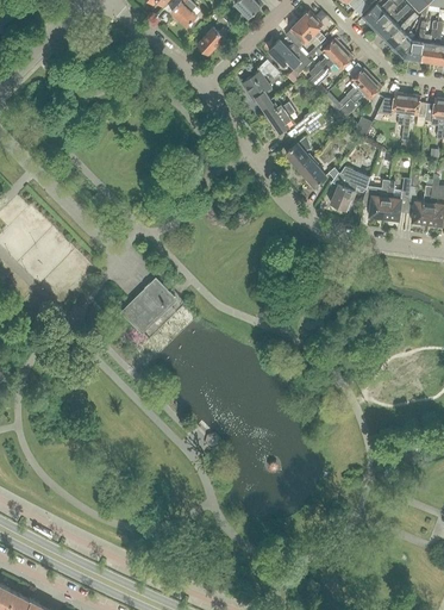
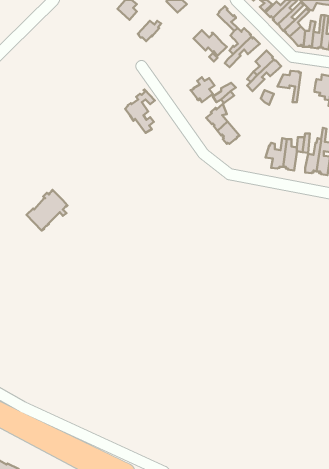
building: [284,20,320,49] -> none
building: [242,60,280,116] -> [125,89,155,133]
building: [401,95,426,141] -> none
building: [330,166,370,211] -> none
building: [121,280,174,332] -> [27,190,67,231]

